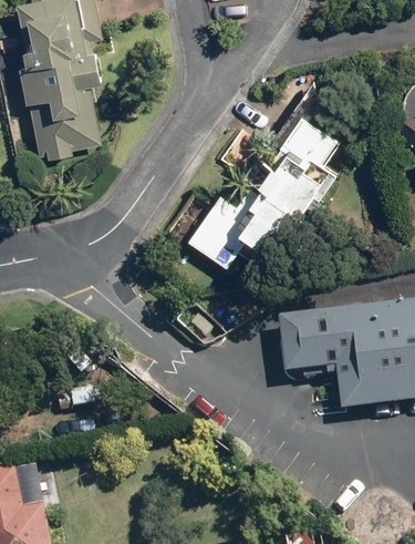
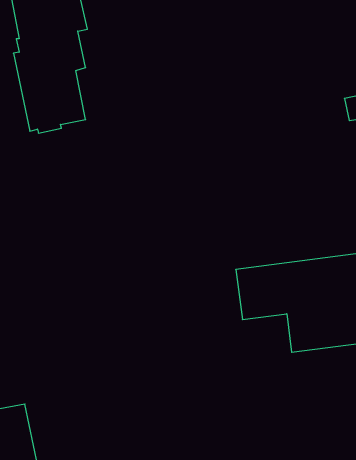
building: [187,113,341,266] -> none

